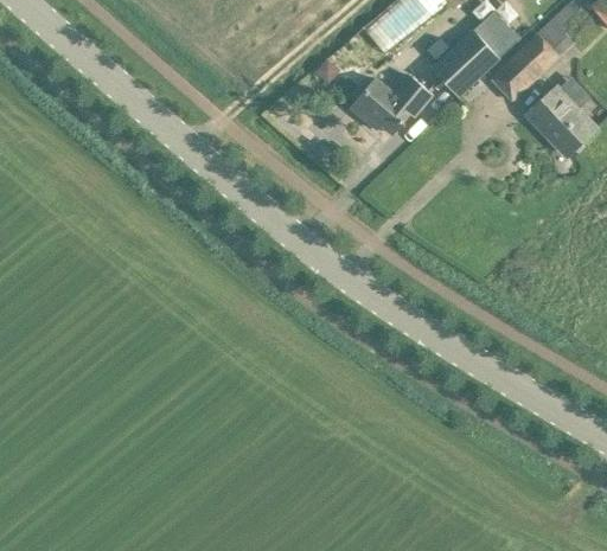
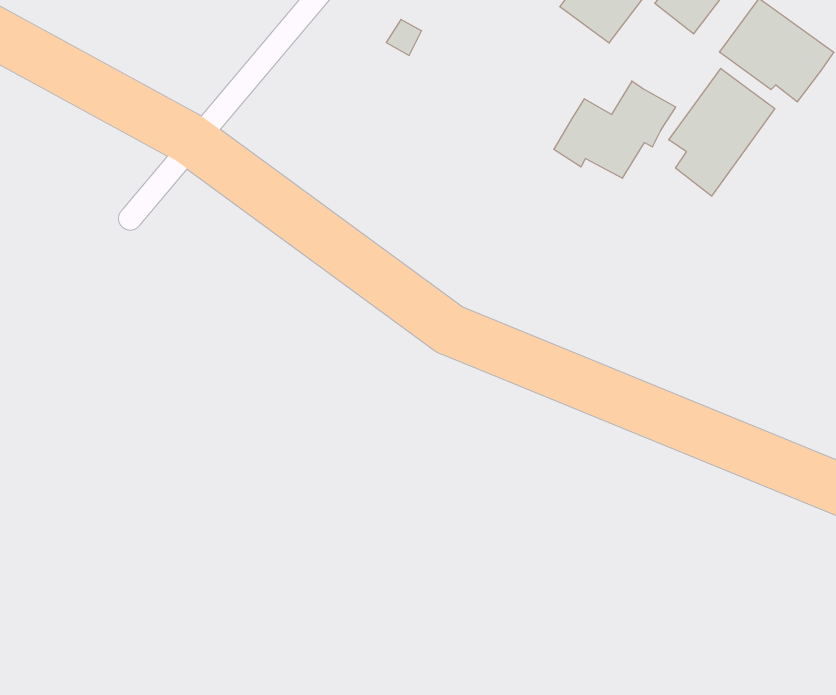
building: [352,72,434,133] -> [554,81,676,178]
building: none -> [669,68,775,196]

